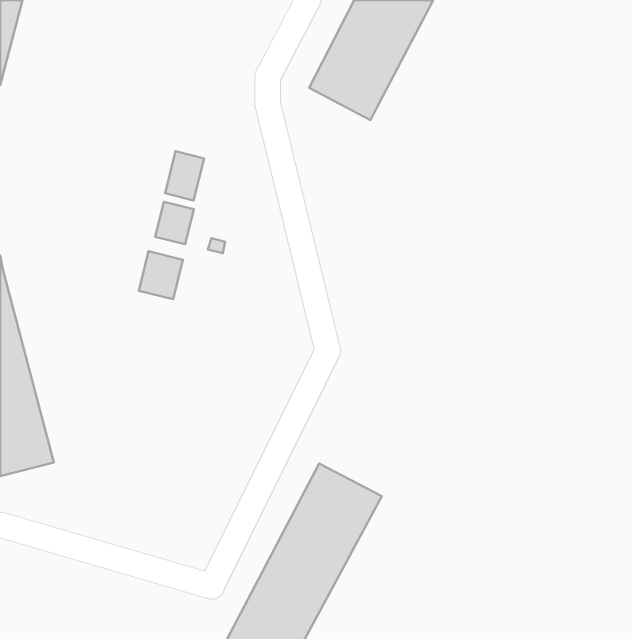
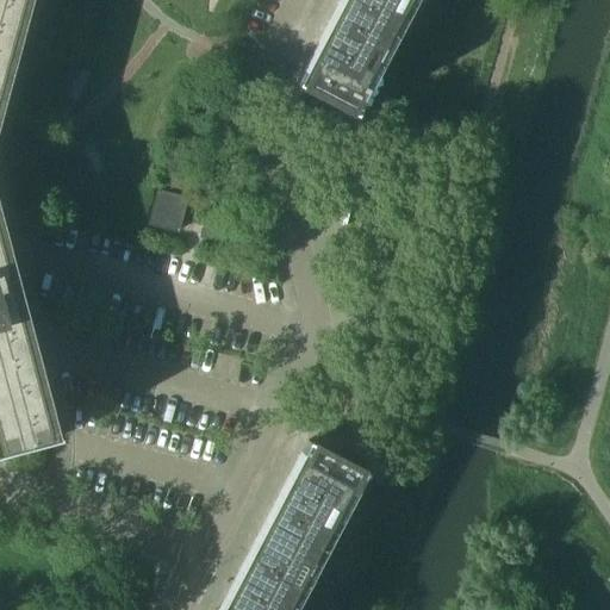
building: [165,151,204,200] -> none
building: [139,251,183,299] -> none

